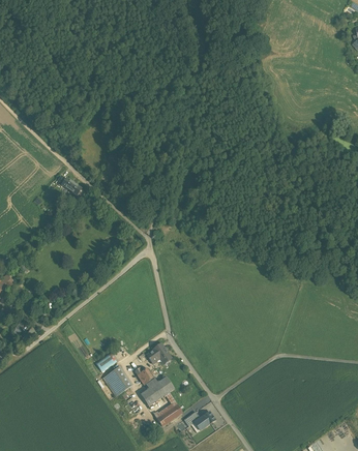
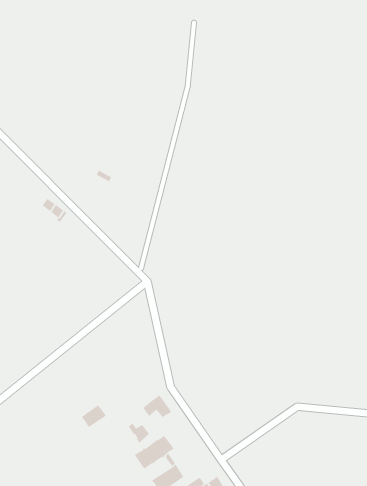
building: [101,367,131,397] -> none

